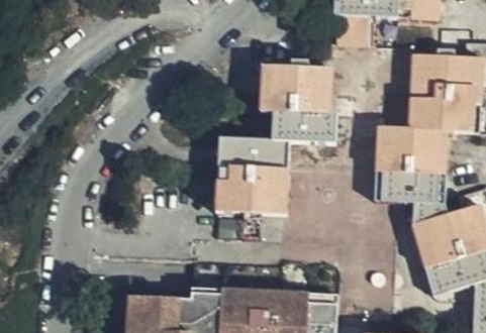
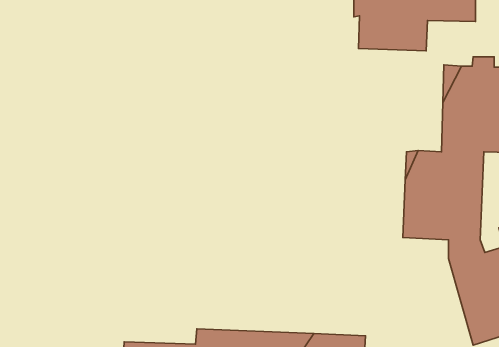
building: [214,67,333,219] -> none

